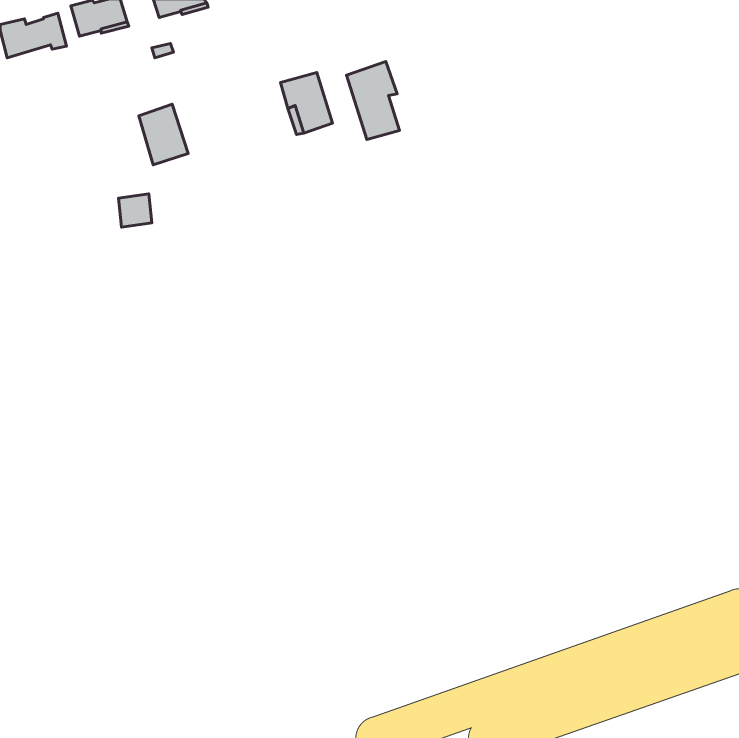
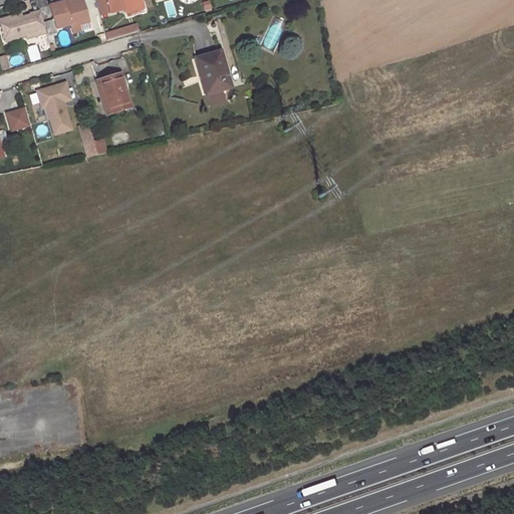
building: [347,61,400,140] -> none
building: none -> [35,80,76,134]
building: none -> [4,106,30,133]

